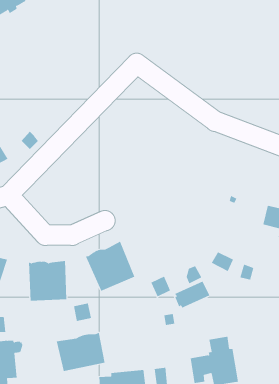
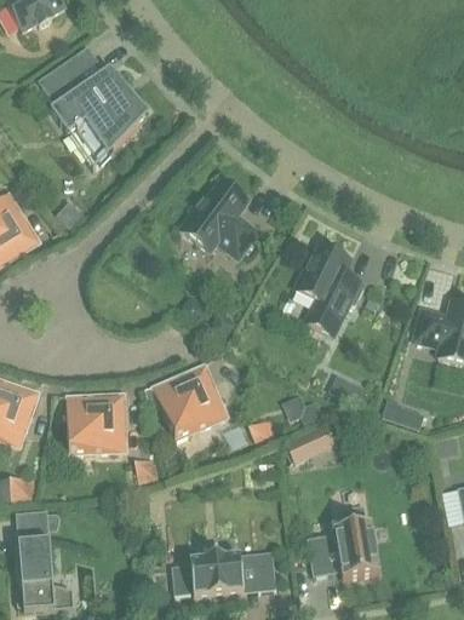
building: none -> [41,69,142,154]
building: none -> [179,180,258,258]
building: none -> [294,245,356,335]
building: [56,332,105,372] -> none

